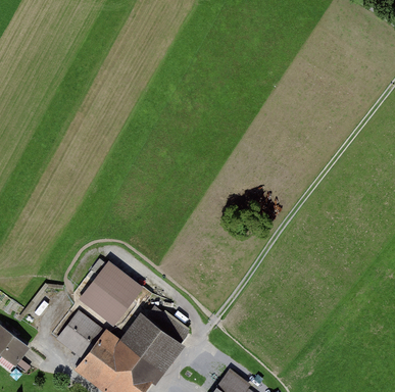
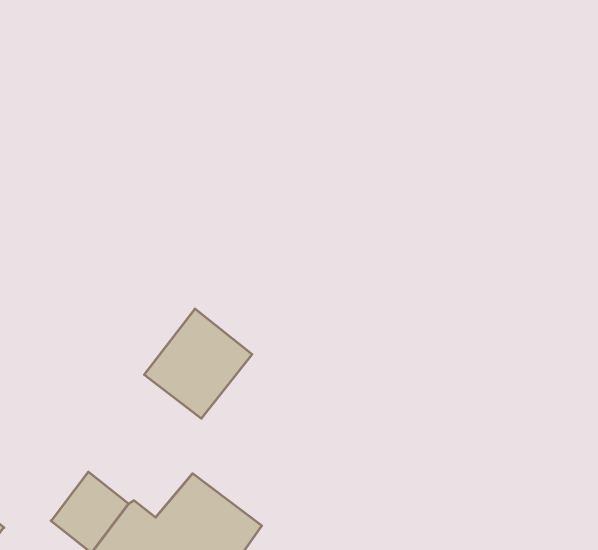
building: [77,260,142,327] -> [144,309,252,418]

